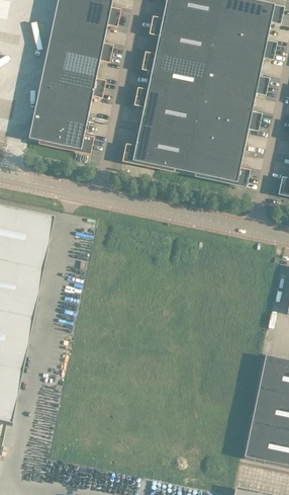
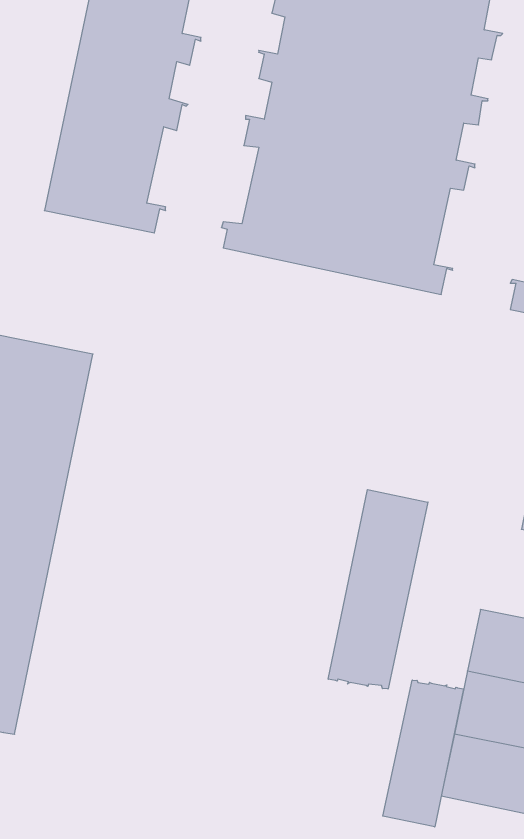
building: none -> [328,490,428,689]
building: none -> [383,680,464,827]

